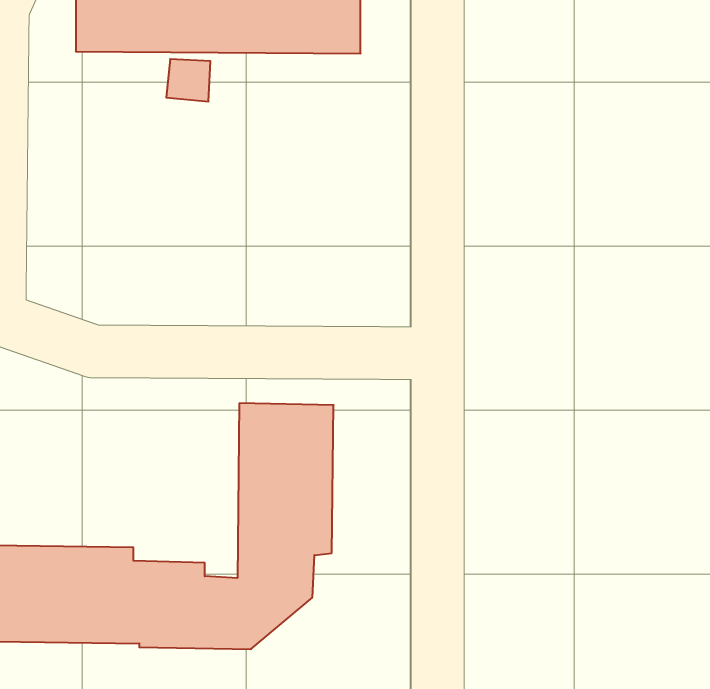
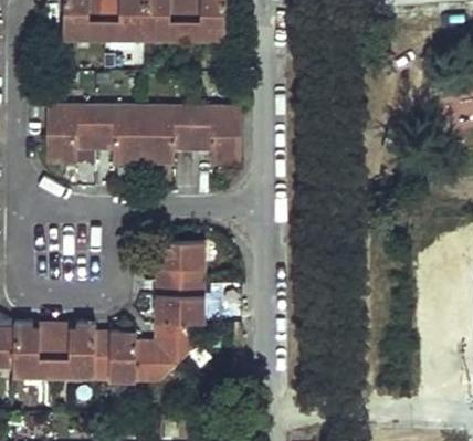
building: none -> [45,106,239,165]

